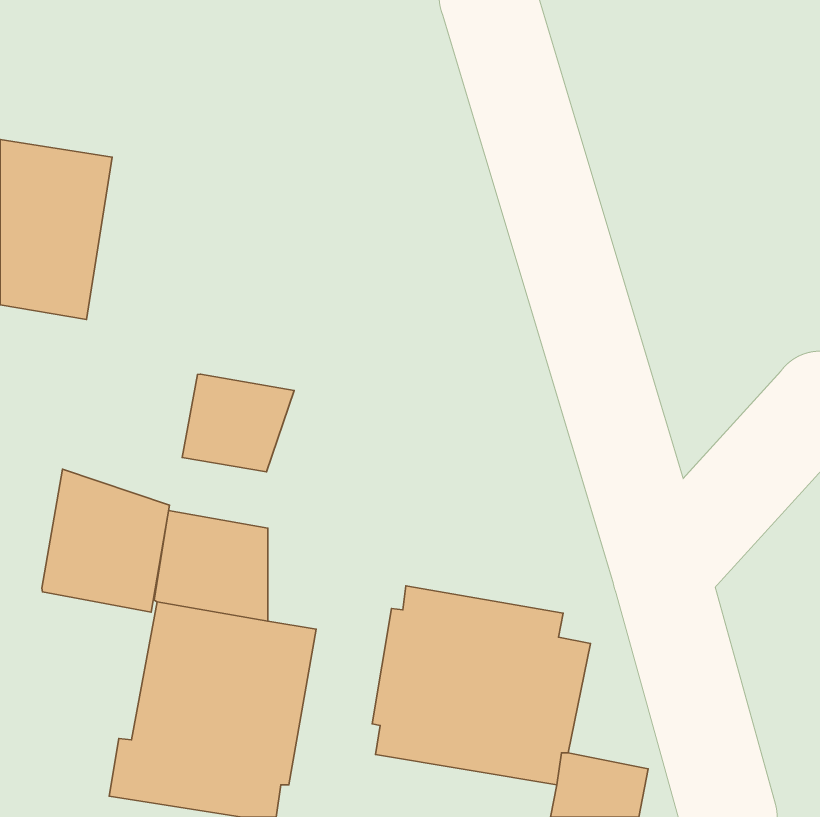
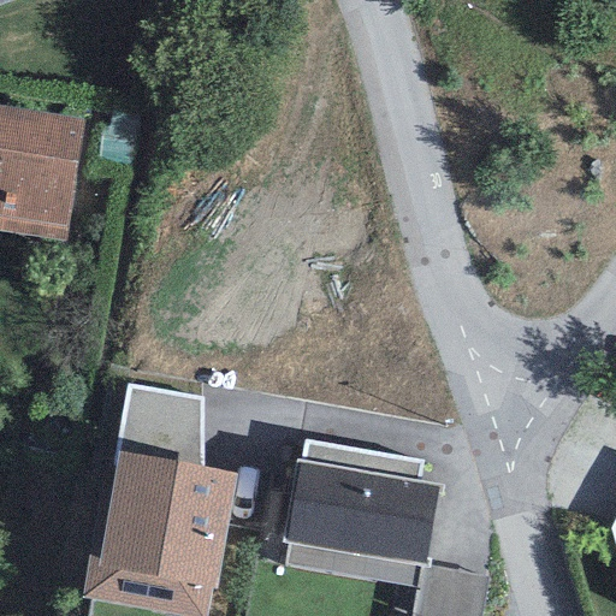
building: [182,374,294,472] -> none
building: [42,469,169,612] -> none

